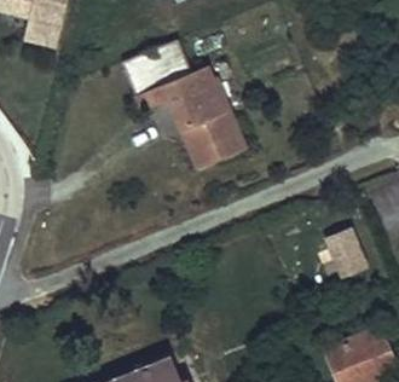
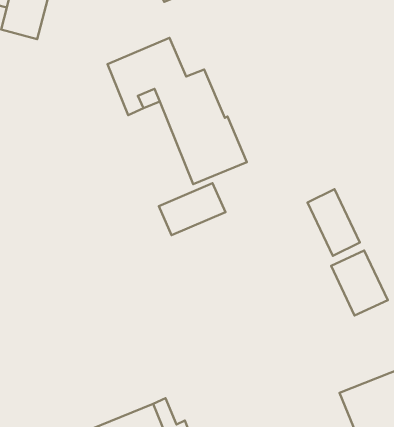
building: none -> [159,183,225,235]
building: none -> [308,189,360,256]

